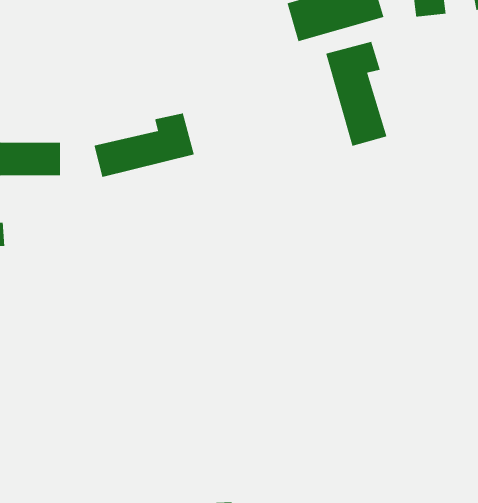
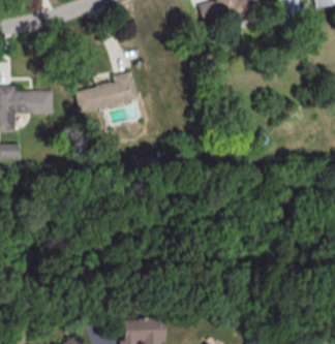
building: [325,41,387,147] -> none

